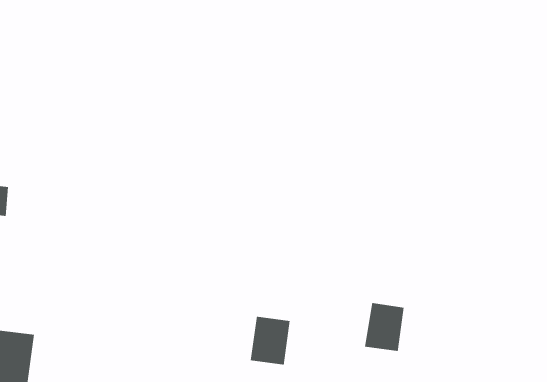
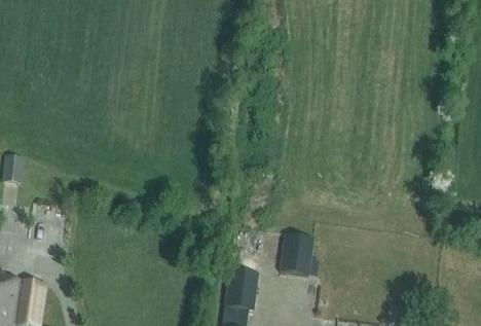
building: [364,302,405,352] -> [279,232,312,274]

